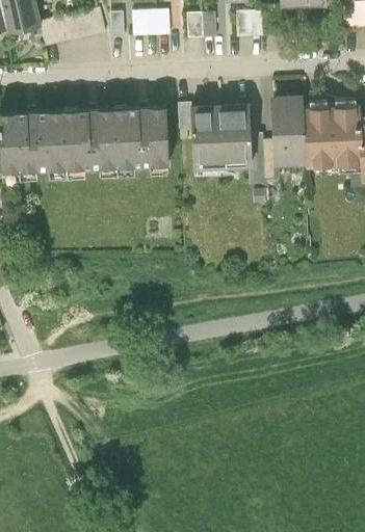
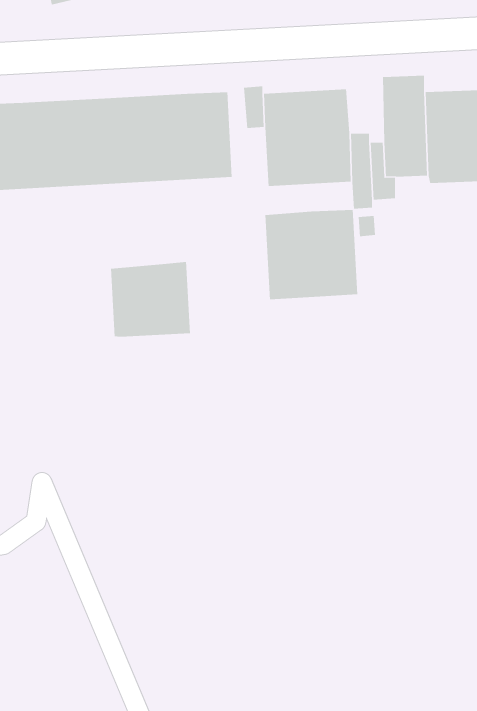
building: none -> [265,209,358,300]
building: none -> [111,261,190,337]

